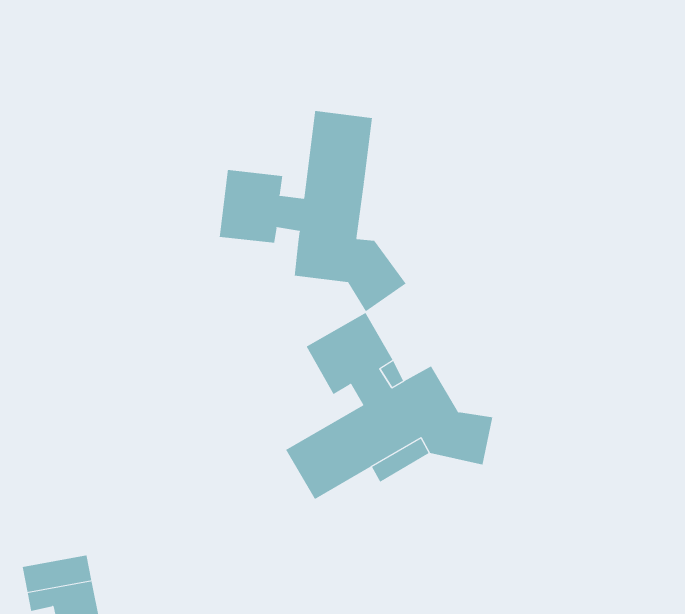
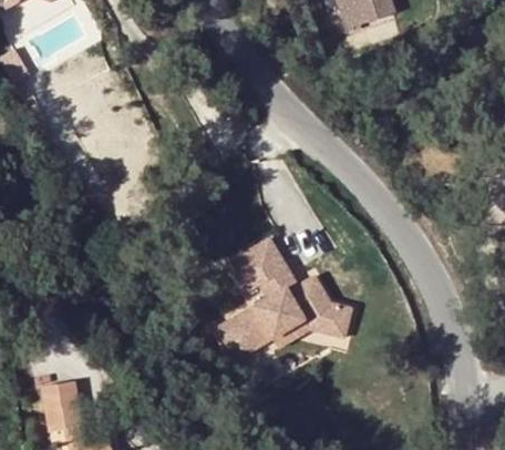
building: [219,110,406,312] -> none

